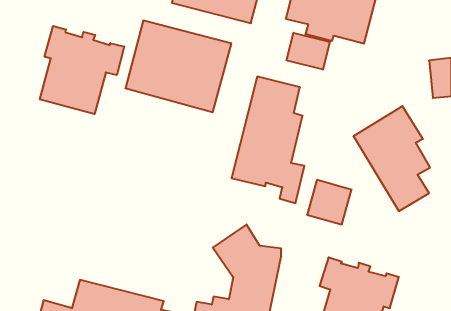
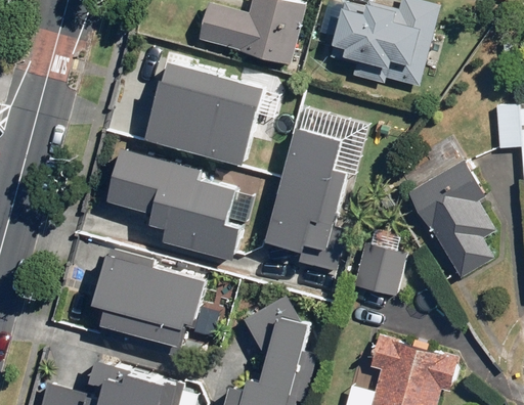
building: [40,26,124,114] -> none
building: [286,33,330,70] -> none
building: none -> [106,149,239,262]
building: none -> [91,251,209,349]

